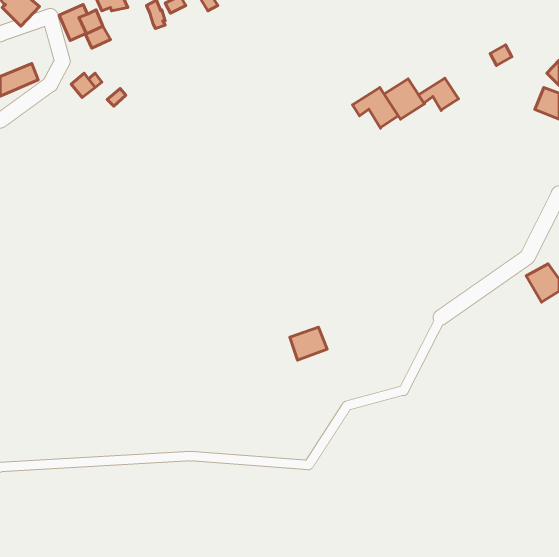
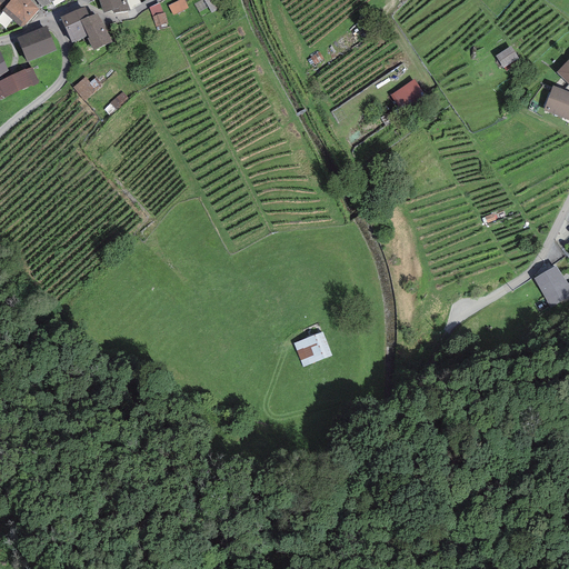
building: none -> [17,23,57,60]
building: [419,78,458,111] -> none
building: [352,88,398,128] -> none

